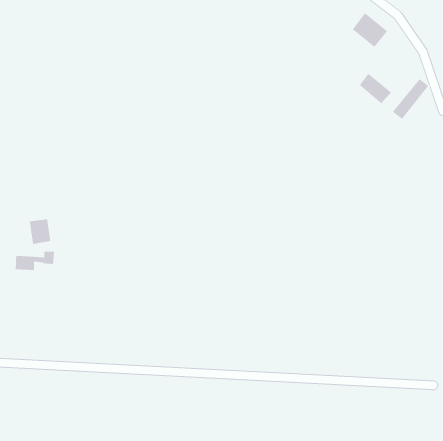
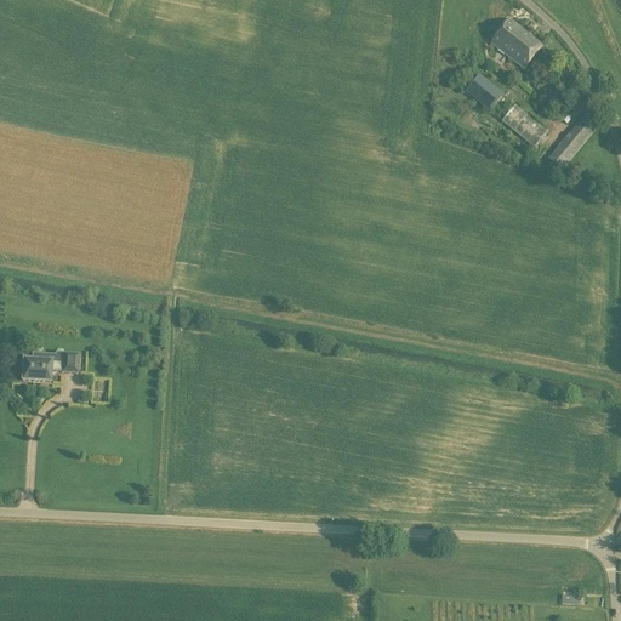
building: none -> [465,73,503,109]
building: [29,219,51,245] -> none

